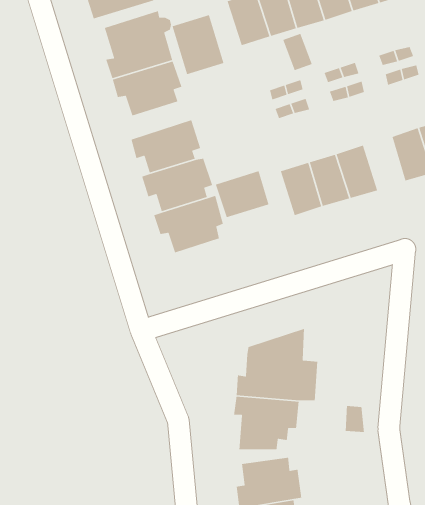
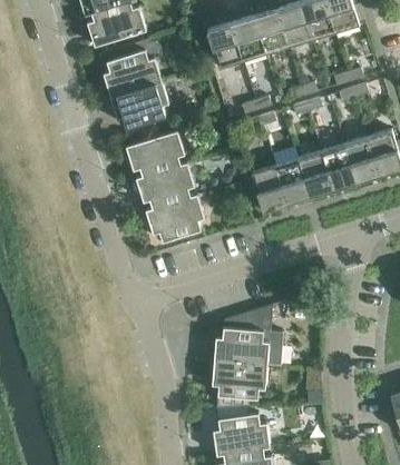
building: [172,14,224,75] -> none
building: none -> [321,144,355,189]
building: [215,170,270,218] -> none

